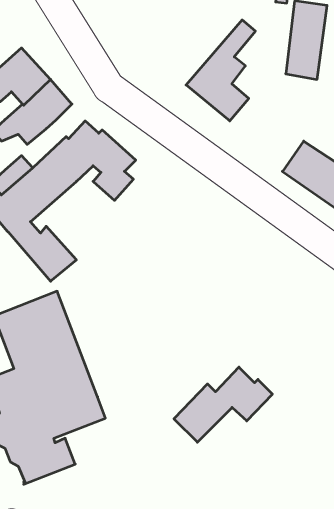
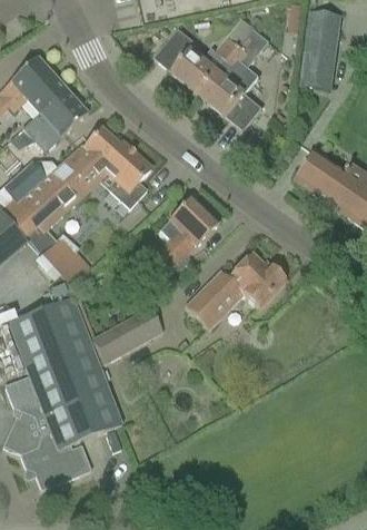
building: none -> [156,18,257,94]
building: none -> [153,196,219,281]
building: none -> [90,305,163,364]
building: [174,367,272,442] -> [187,253,285,327]

